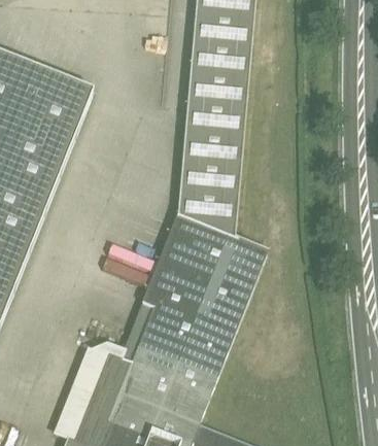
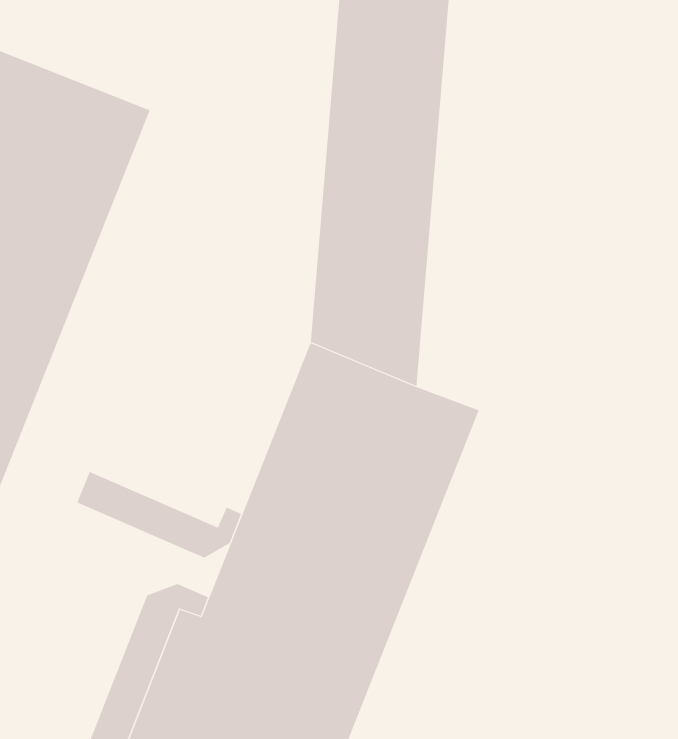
building: none -> [77,471,242,559]

